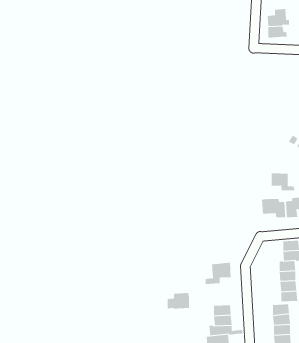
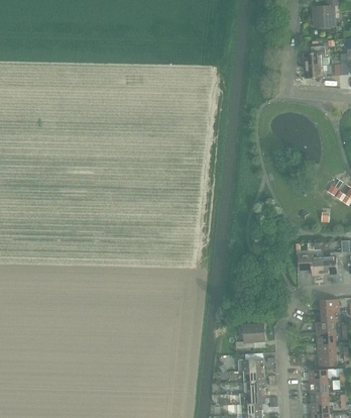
building: [271,172,295,191] -> none
building: [167,292,190,309] -> [239,351,264,370]

